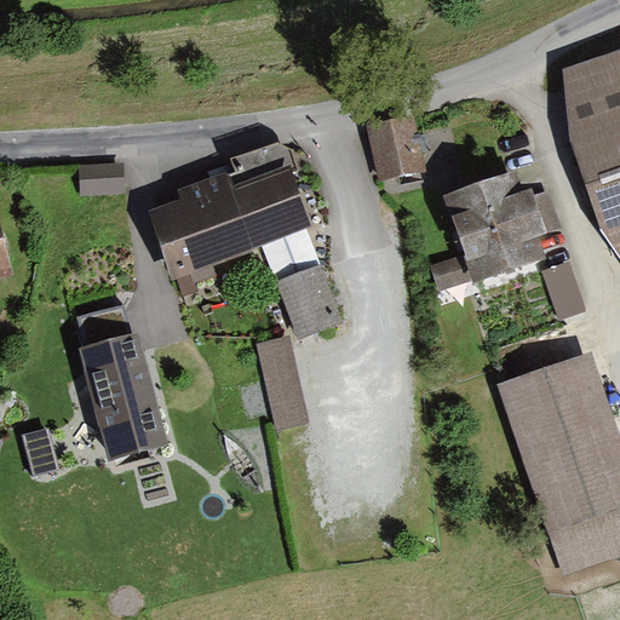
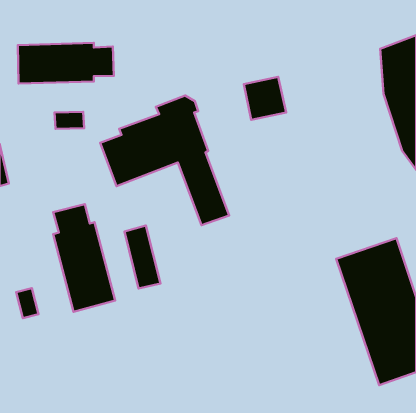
building: none -> [18,43,114,84]
building: [431,177,544,283] -> none
building: [547,262,586,311] -> none
building: [257,333,310,426] -> [125,226,161,288]

